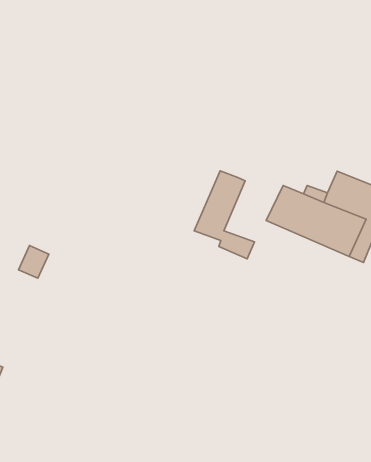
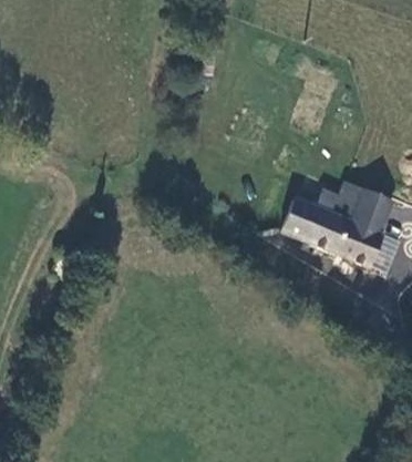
building: [194,171,255,259] -> none

